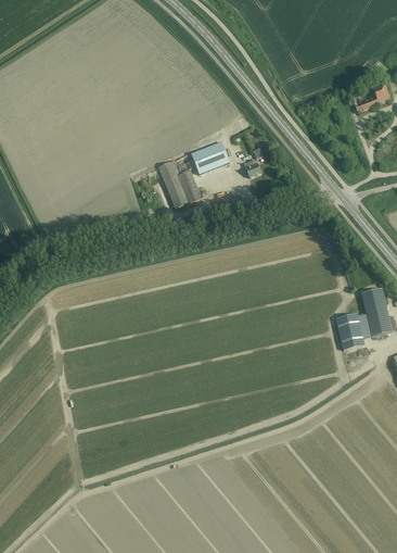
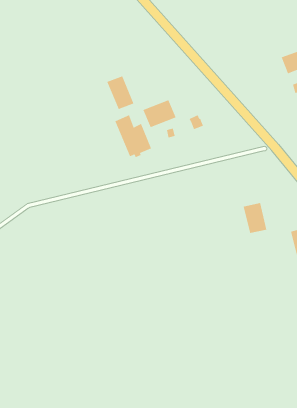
building: none -> [106,75,134,110]
building: [335,313,363,349] -> [243,203,267,234]

